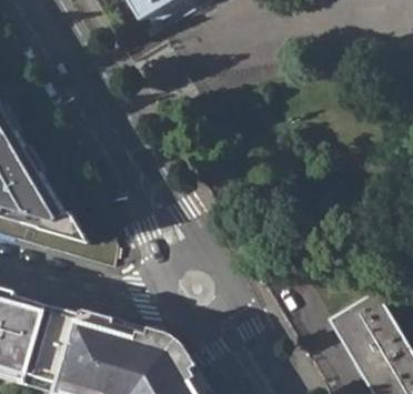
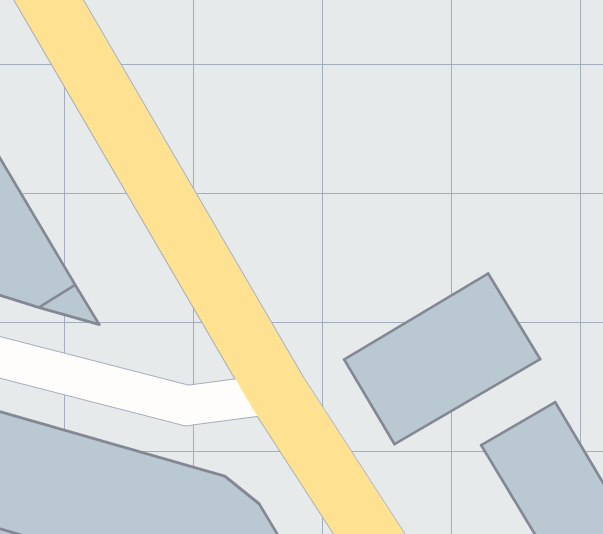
building: none -> [344,273,540,444]

